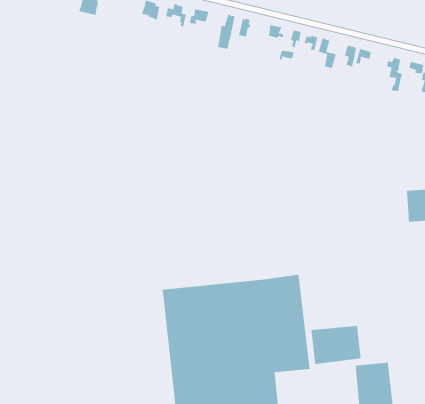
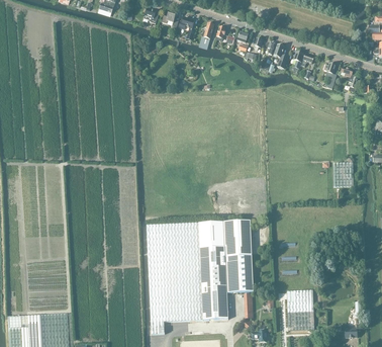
building: [311,325,362,365] -> none

